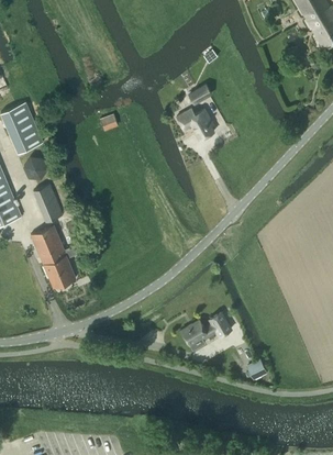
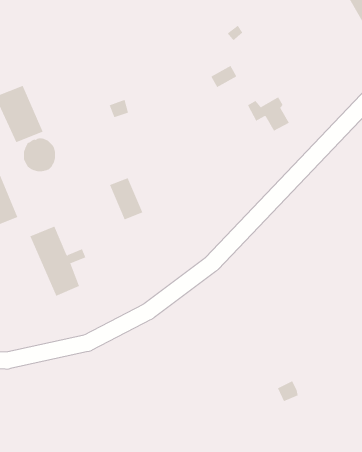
building: [177,109,214,140] -> [247,96,290,132]
building: [33,185,63,222] -> [109,177,143,220]
building: [180,311,232,351] -> none

